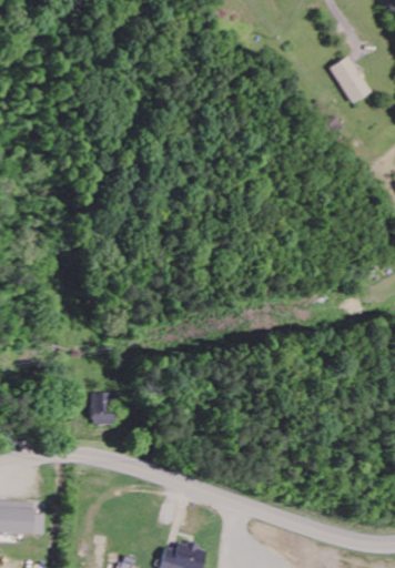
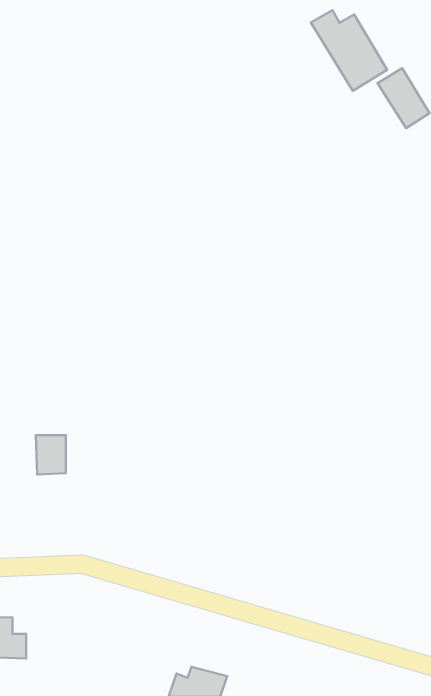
building: none -> [311,10,387,91]
building: [92,393,117,425] -> [36,435,66,475]

